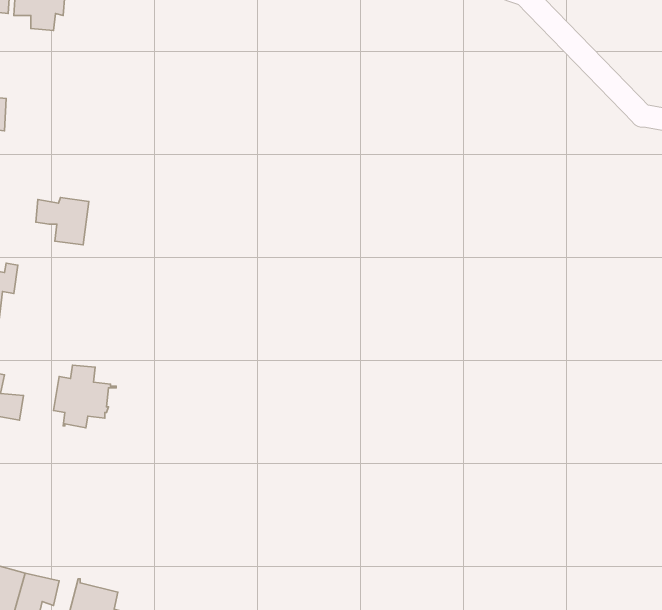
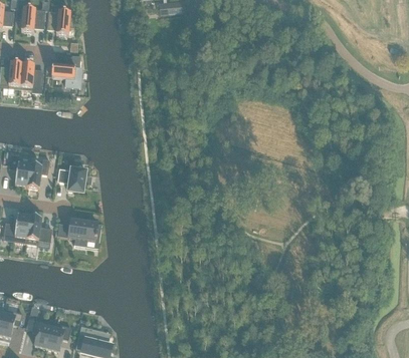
building: none -> [51,55,75,78]
building: [36,198,89,245] -> [58,167,86,193]

